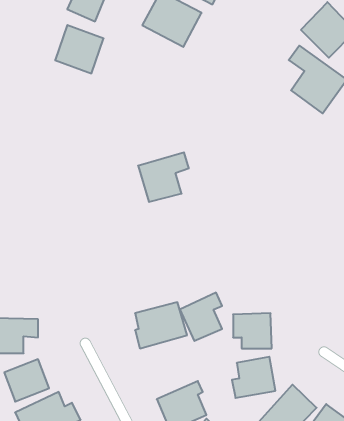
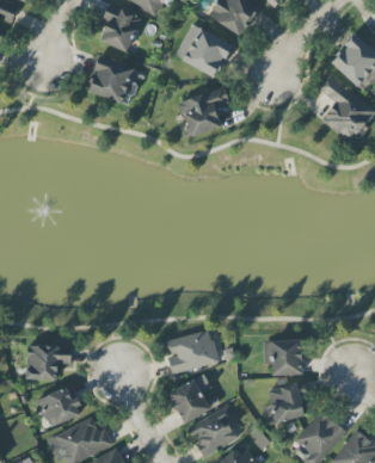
building: [138,152,189,202] -> [179,87,229,136]
building: [180,293,222,341] -> [168,375,210,422]

